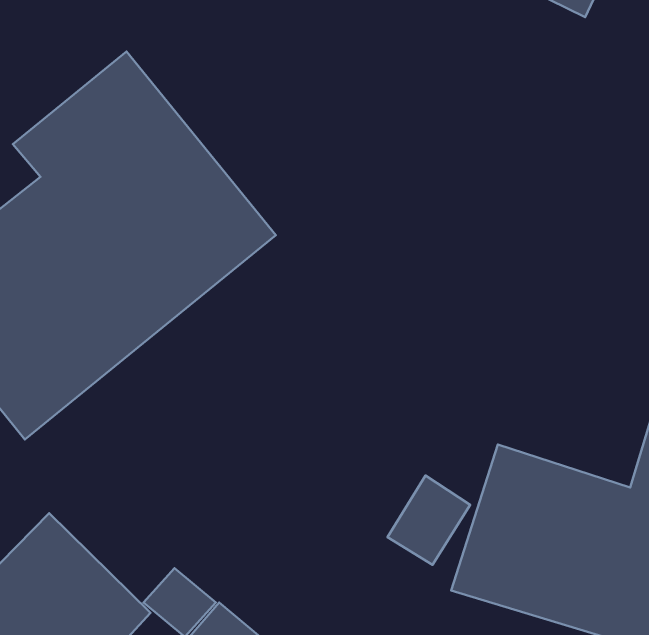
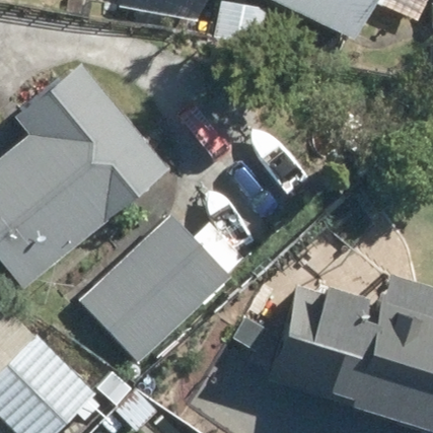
building: none -> [81,212,230,360]

